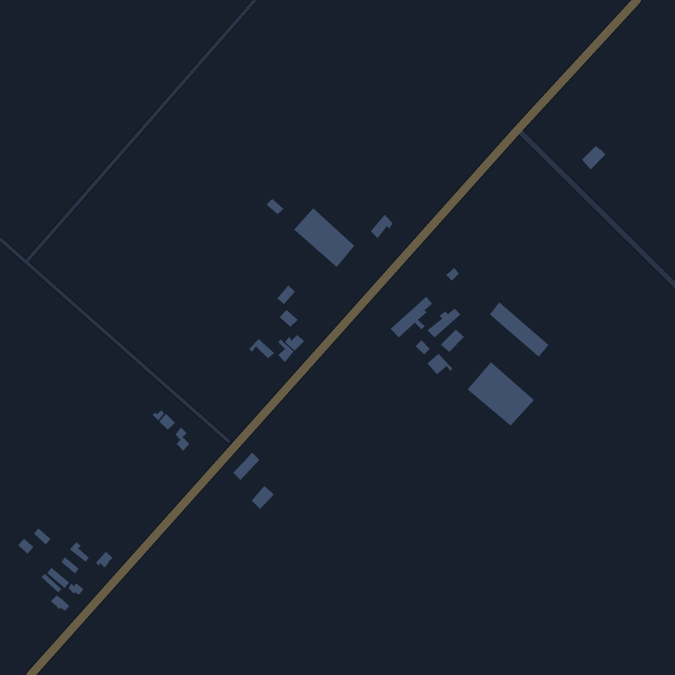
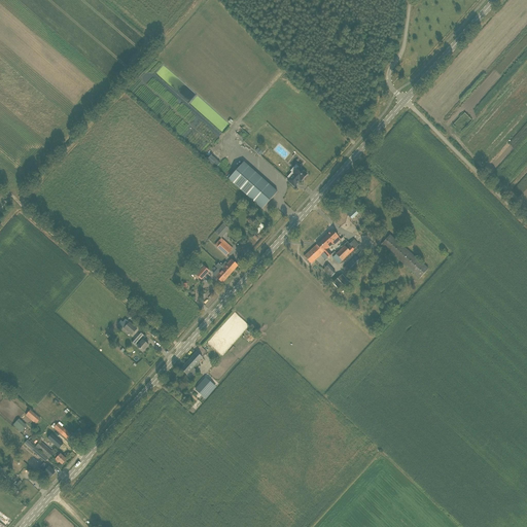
building: [466,361,535,426] -> none

